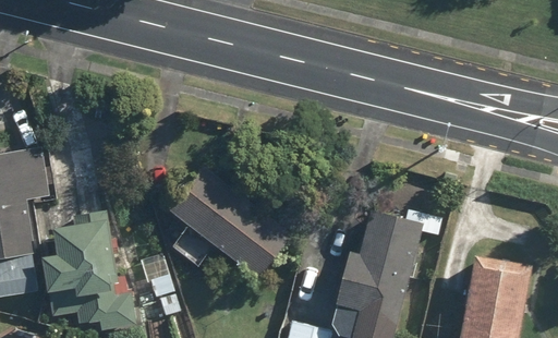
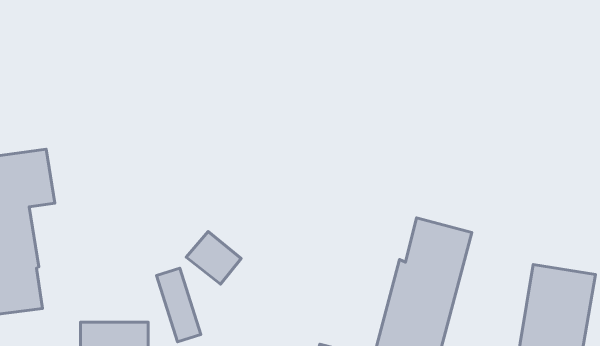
building: [171,168,291,277] -> none
building: [43,217,120,298] -> none

